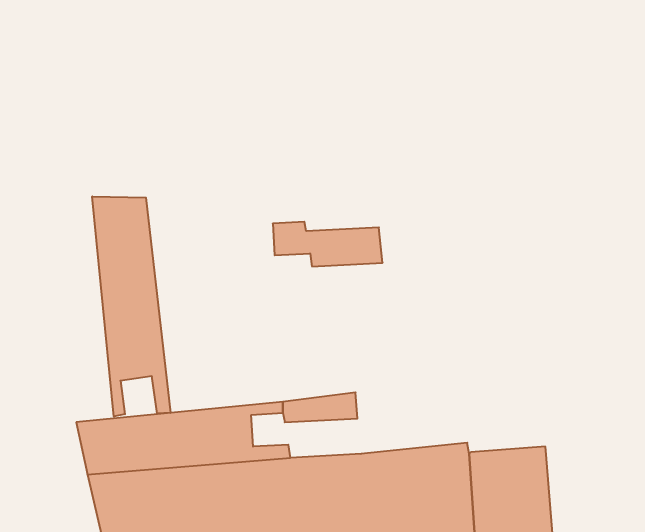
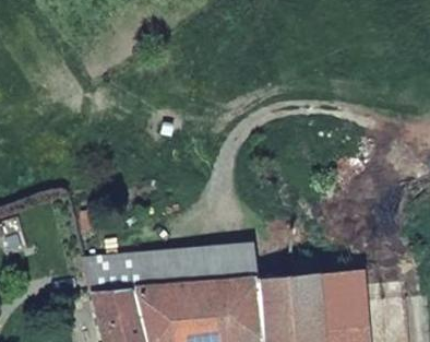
building: [92,196,171,417] -> none
building: [273,222,383,266] -> [191,253,255,280]

